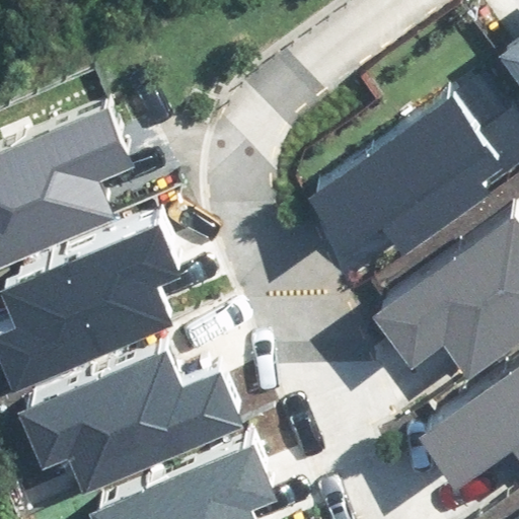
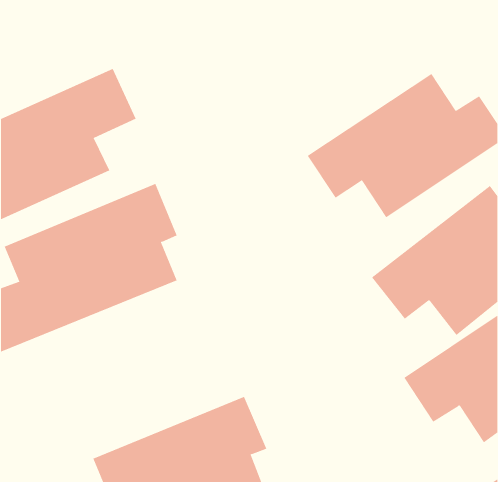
building: [25,333,250,476] -> none

